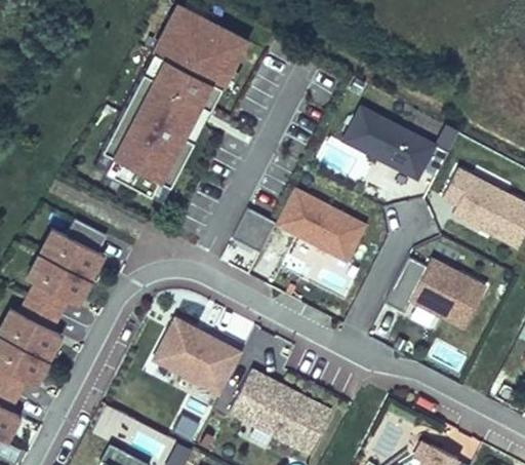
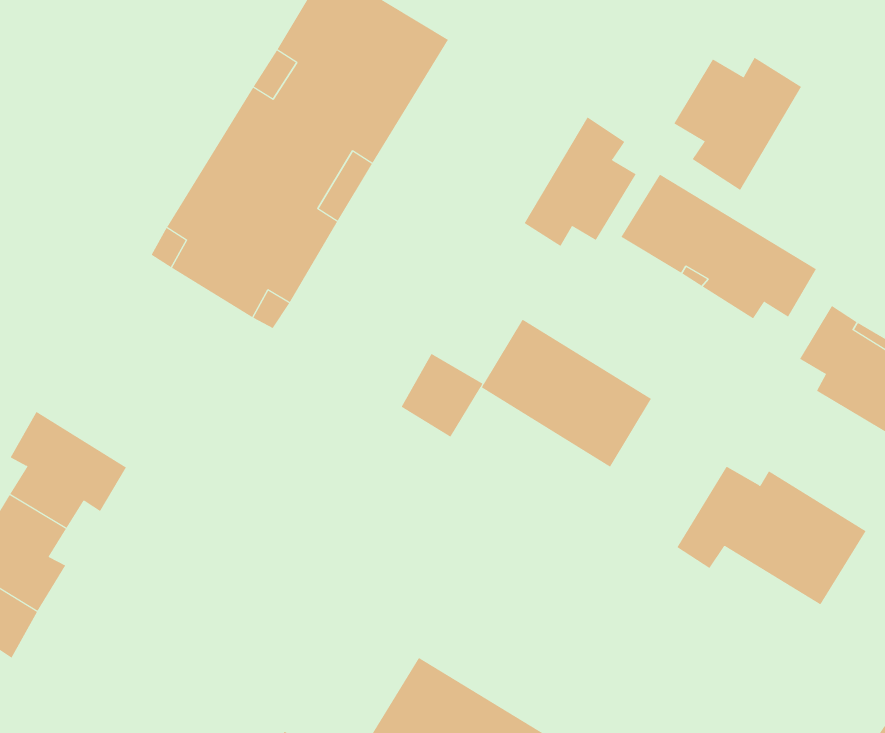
building: none -> [673,57,802,191]
building: none -> [524,116,637,247]
building: [39,219,107,280] -> none
building: [153,320,241,396] -> none

